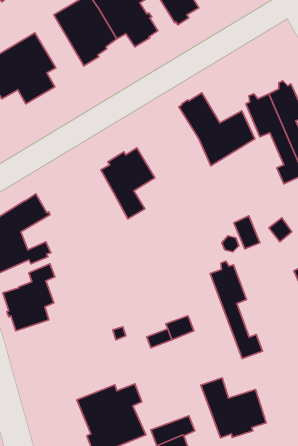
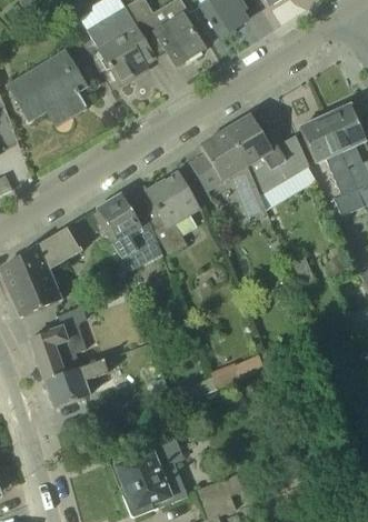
building: none -> [190,130,266,218]
building: none -> [97,193,163,273]
building: [210,261,262,359] -> none
building: none -> [43,359,109,406]
building: [201,378,266,438] -> none

